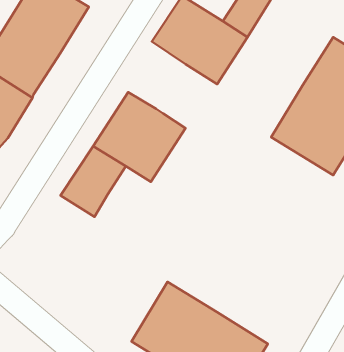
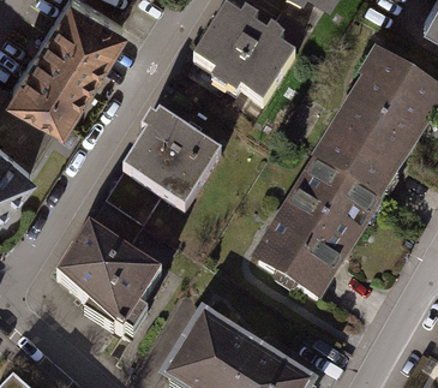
building: none -> [256,157,383,297]
building: none -> [61,220,164,326]

